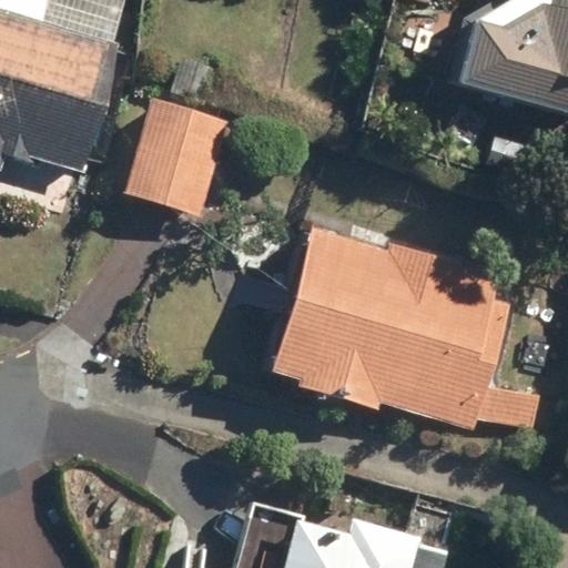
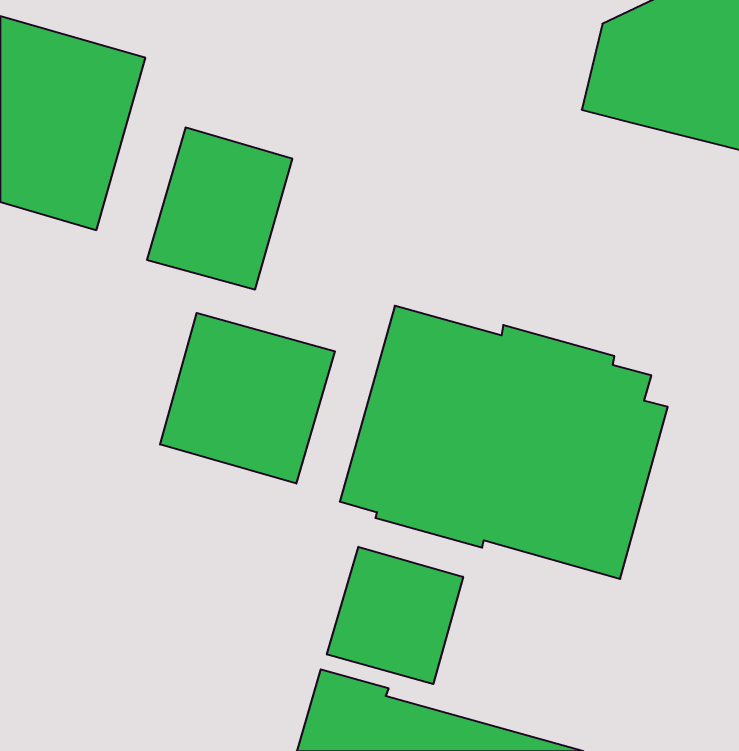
building: none -> [160,313,335,484]
building: none -> [327,547,463,684]

